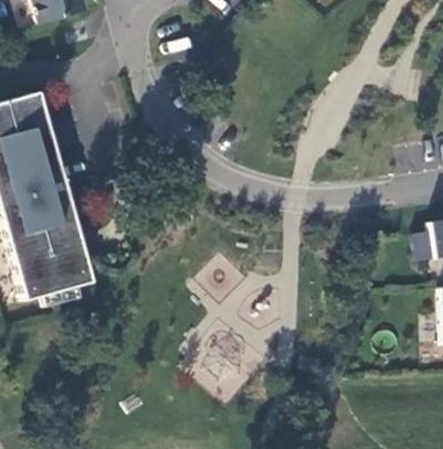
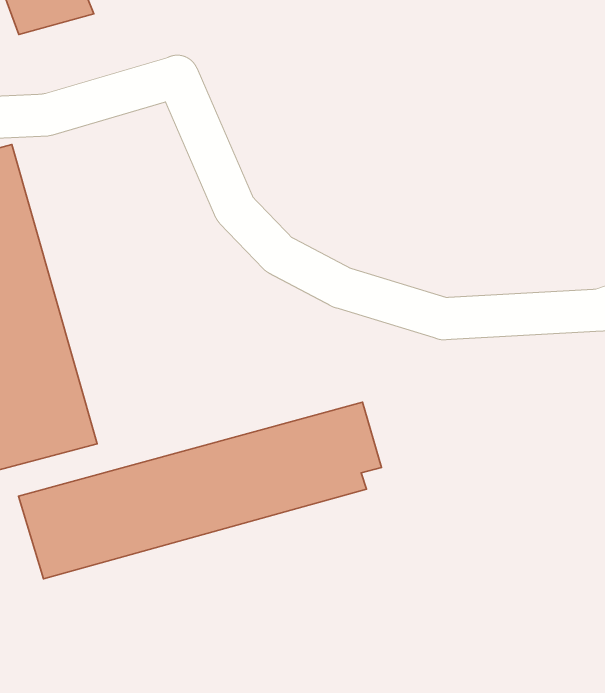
building: none -> [19,402,381,579]

